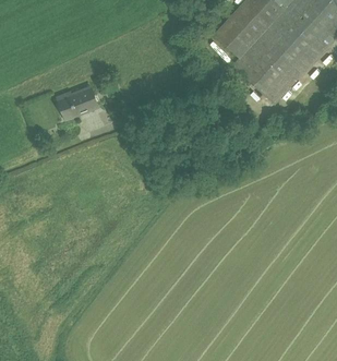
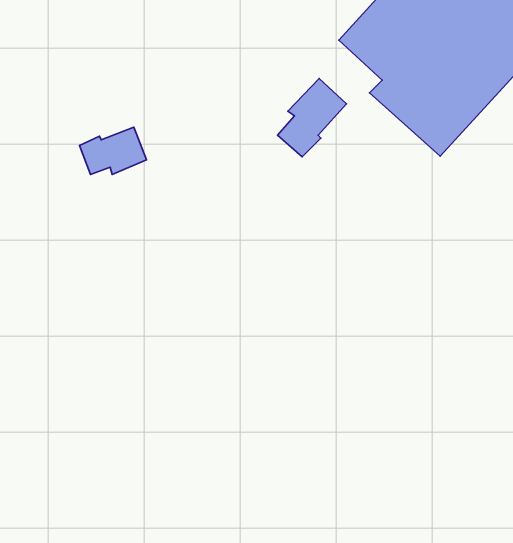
building: none -> [277,79,347,157]

